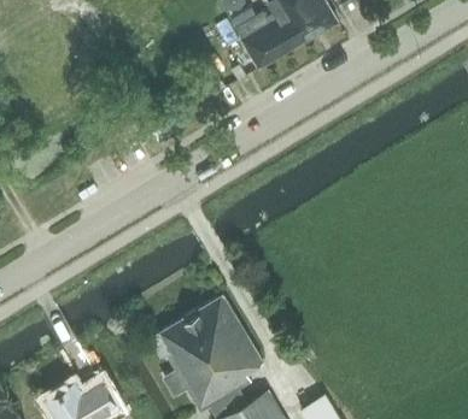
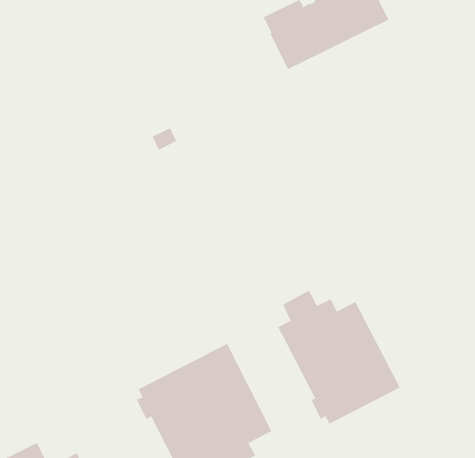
building: none -> [278,290,401,425]

